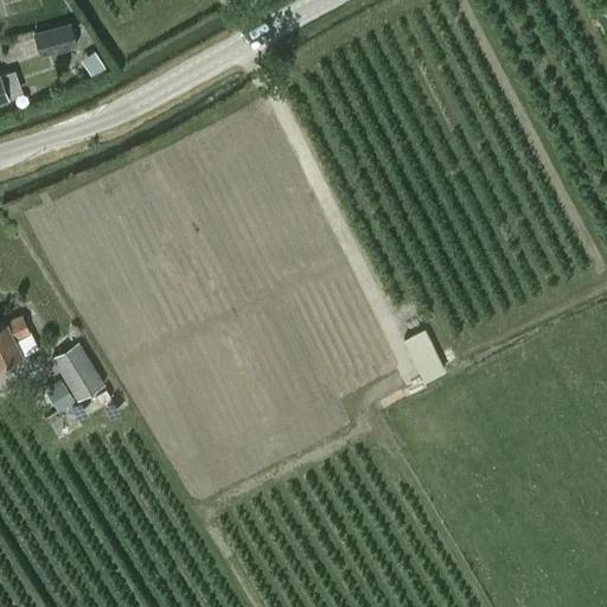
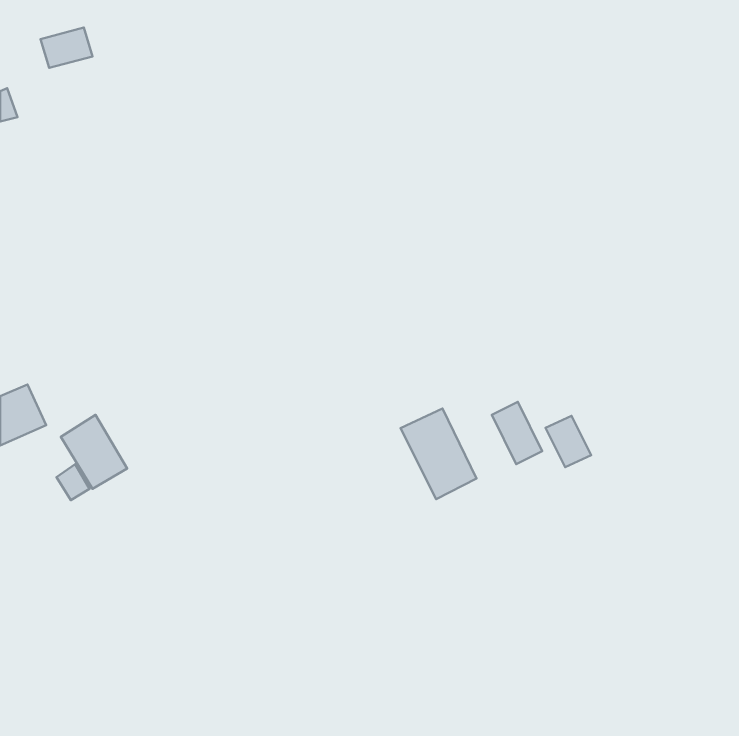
building: none -> [401,409,476,499]
building: none -> [545,416,591,467]

